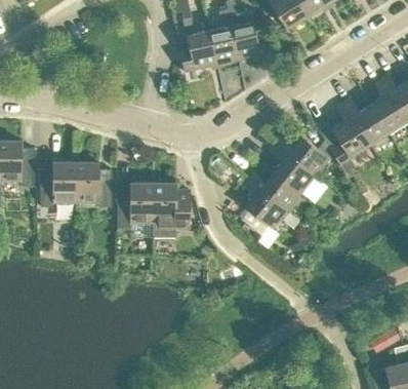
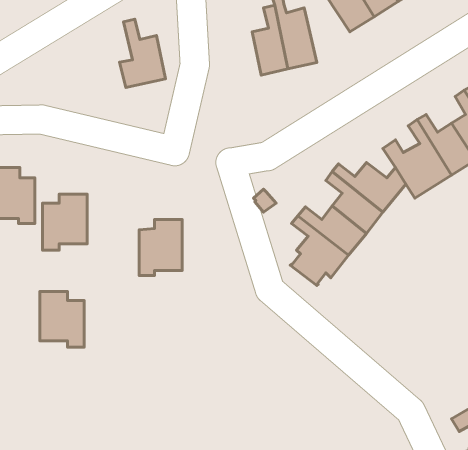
building: [179,16,216,72] -> [120,19,165,88]
building: [76,161,112,206] -> [40,291,84,347]
building: [153,182,190,236] -> none

